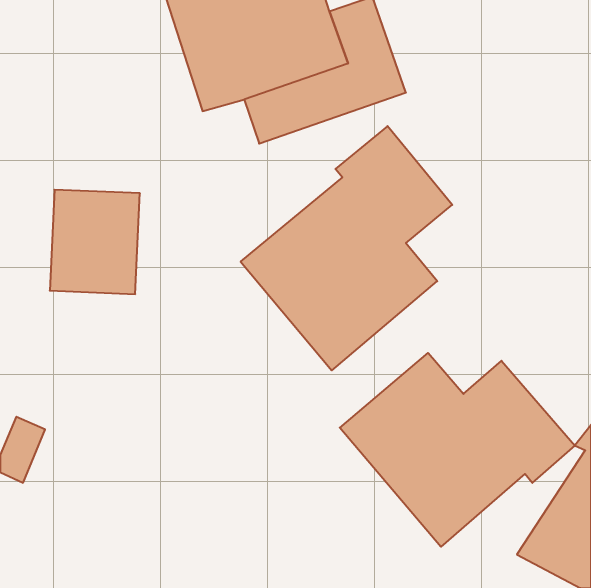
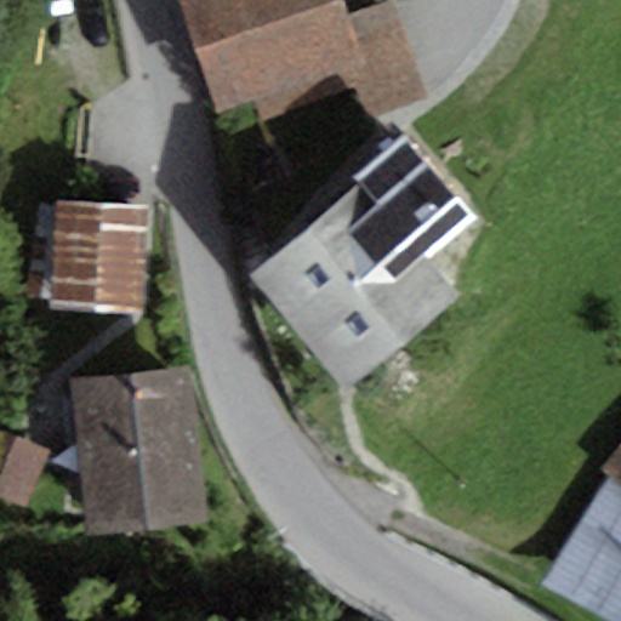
building: none -> [73,366,206,536]
building: [340,353,575,547] -> none

